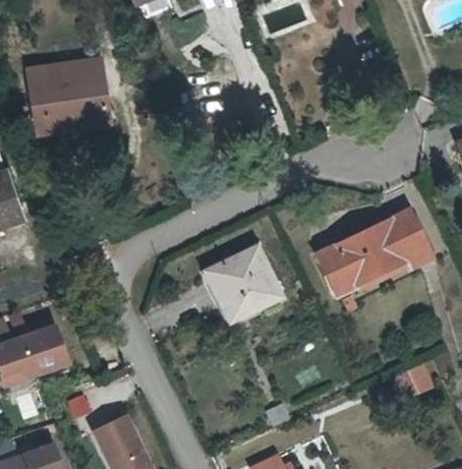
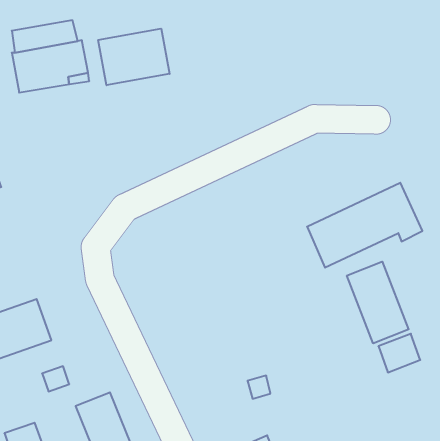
building: none -> [98,29,170,85]
building: [211,246,280,317] -> none
building: none -> [347,262,409,343]

